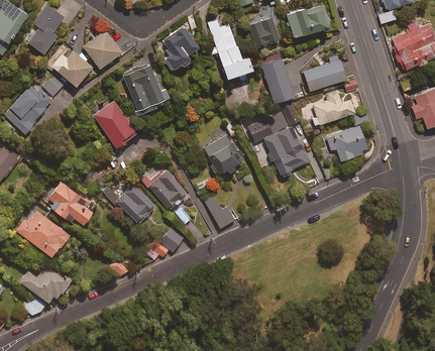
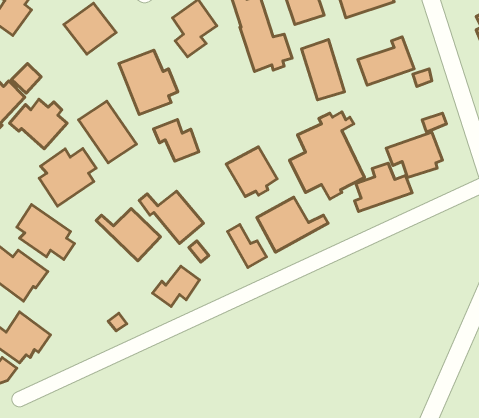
building: [48,48,92,86] -> [9,99,67,149]
building: [312,90,355,126] -> [355,163,412,212]
building: none -> [153,120,199,161]
building: none -> [39,148,96,206]
building: none -> [257,197,328,252]

